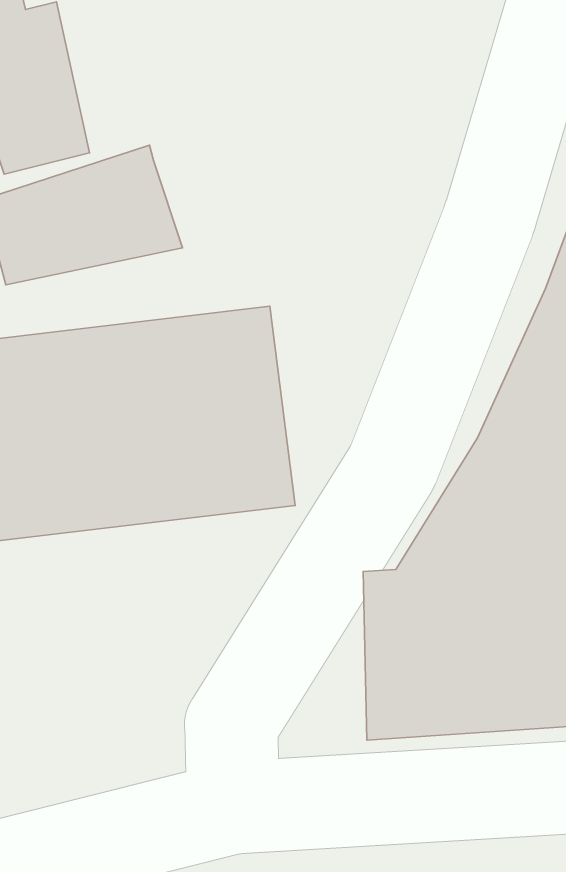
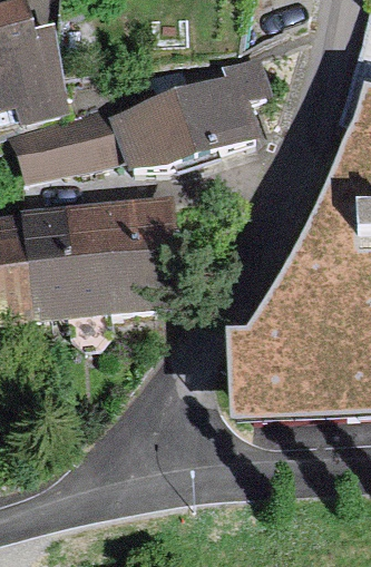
building: none -> [106,49,272,169]

